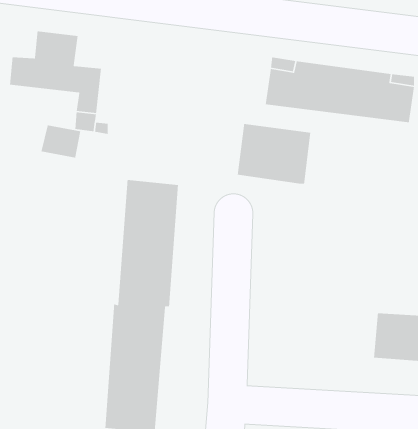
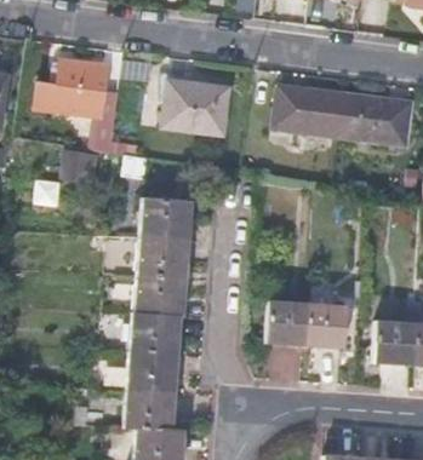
building: [237,123,311,184] -> [164,79,233,136]
building: none -> [267,299,347,349]

